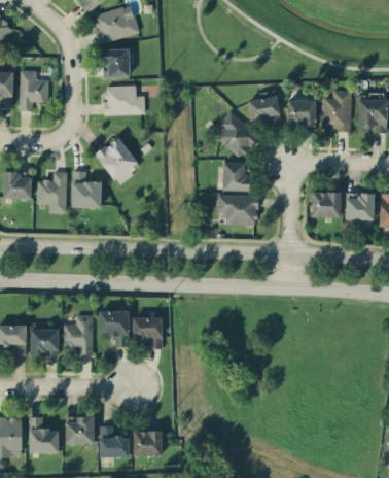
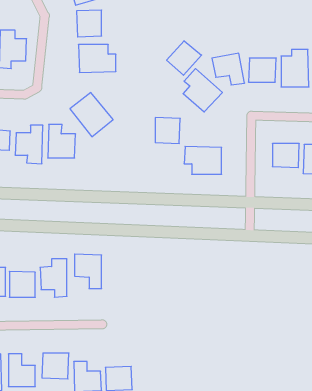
building: none -> [167,41,202,75]
building: [222,163,249,191] -> [155,118,180,143]
building: [132,317,162,348] -> none

